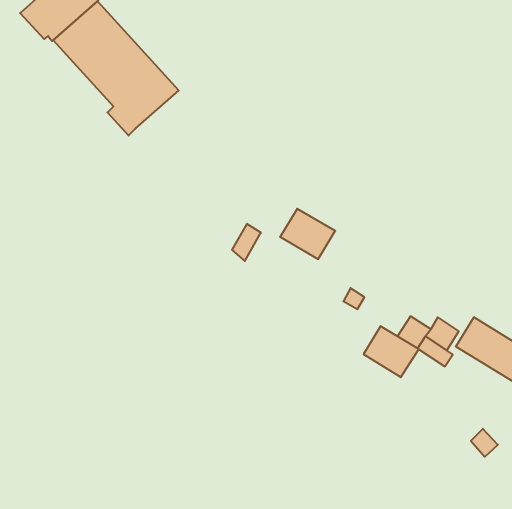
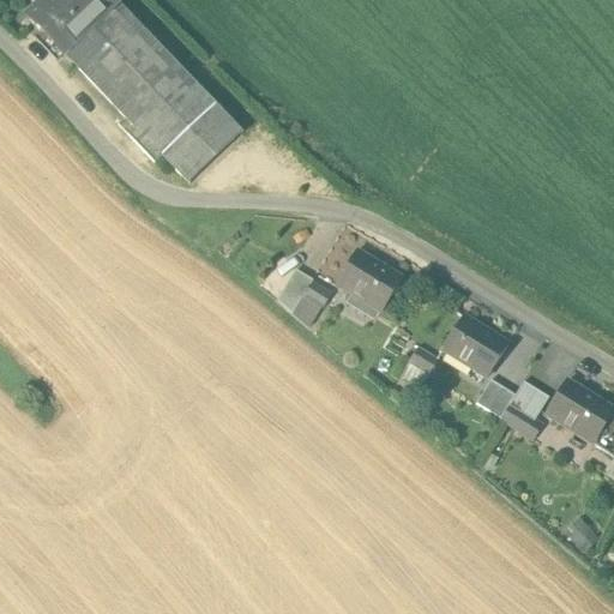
building: none -> [163,108,239,181]
building: none -> [294,279,331,325]
building: [364,326,419,377] -> [443,314,508,375]

